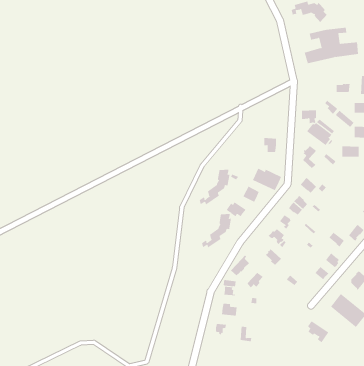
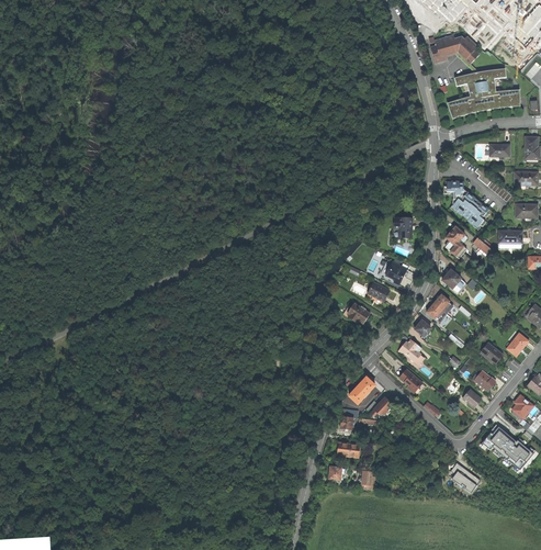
building: [199,169,230,206] -> none
building: [201,213,232,248] -> none

